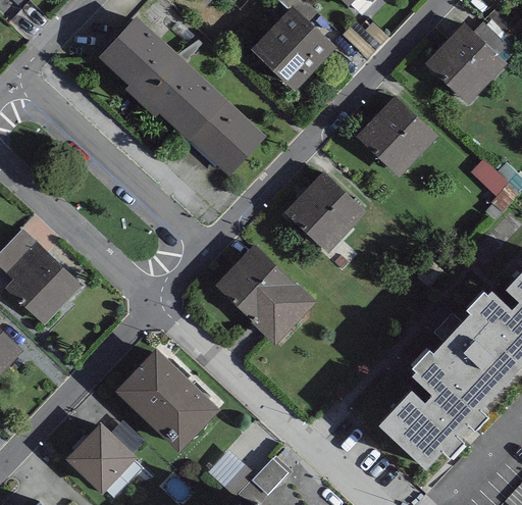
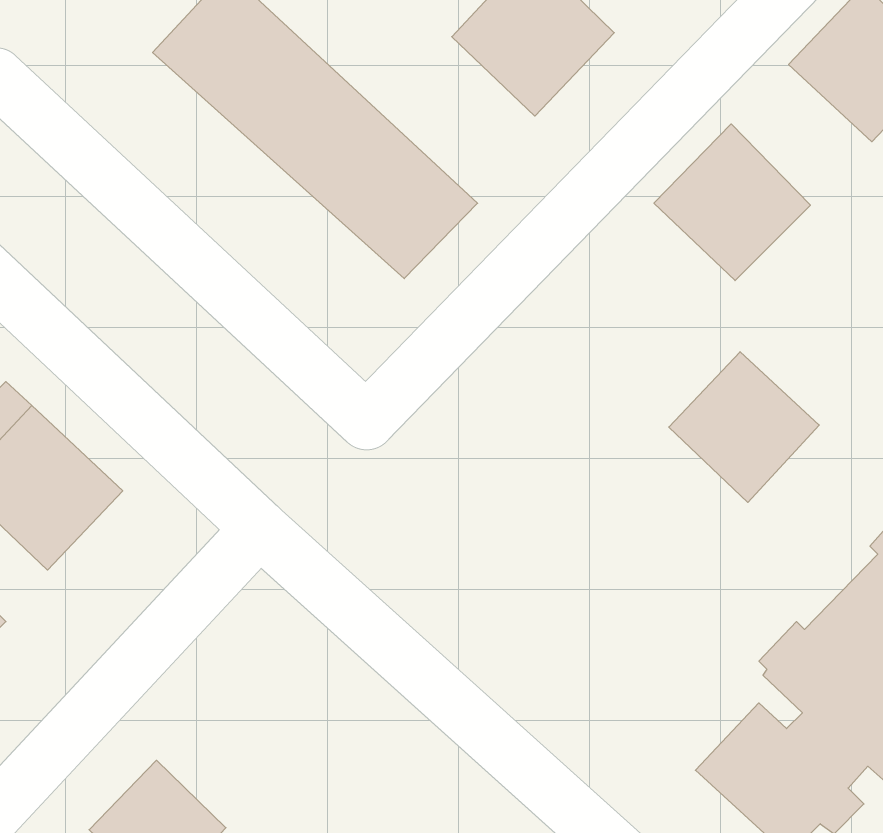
building: [286,172,364,250] -> [669,352,819,502]
building: [215,244,314,342] -> none
building: [114,350,219,452] -> none

